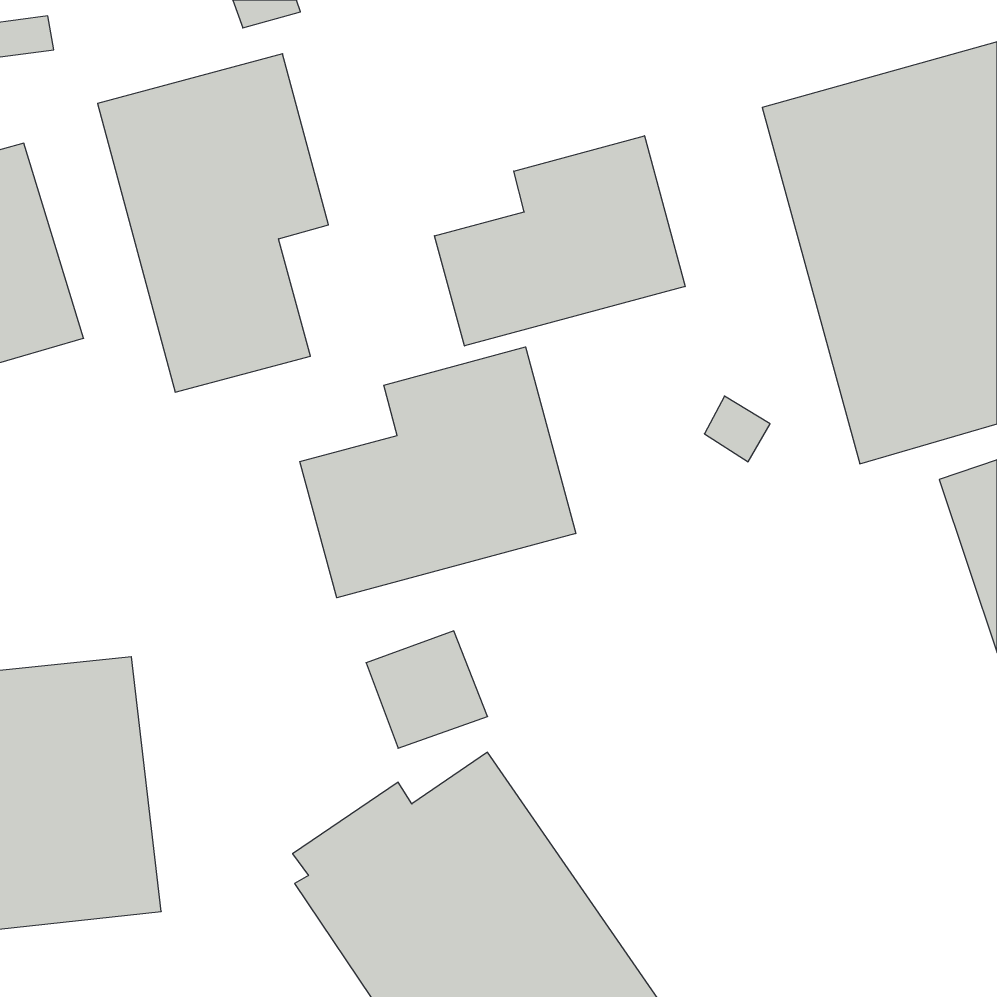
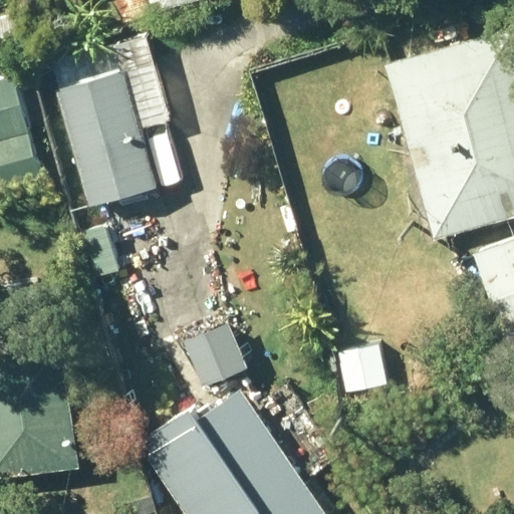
building: [434,136,685,346] -> none
building: [300,347,576,598] -> none

